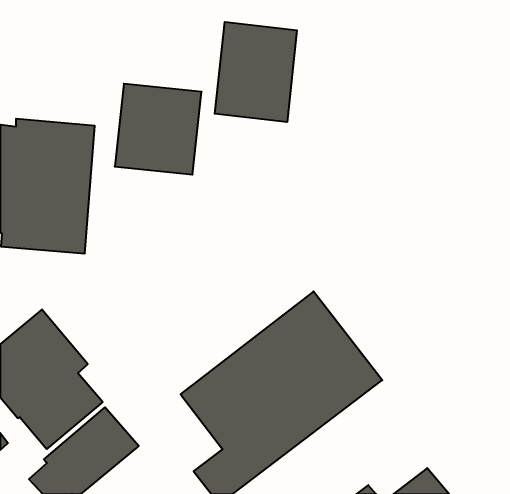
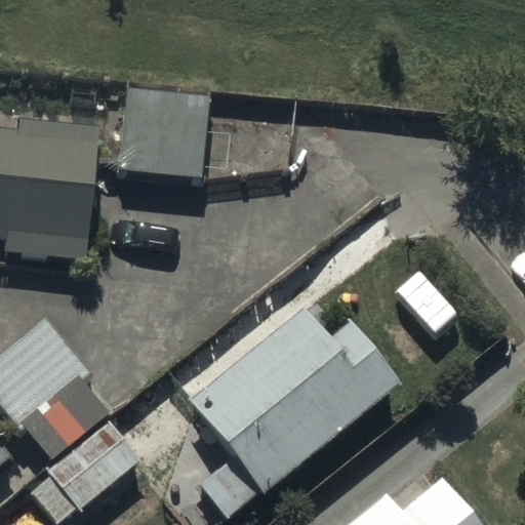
building: [215,22,297,122] -> none

